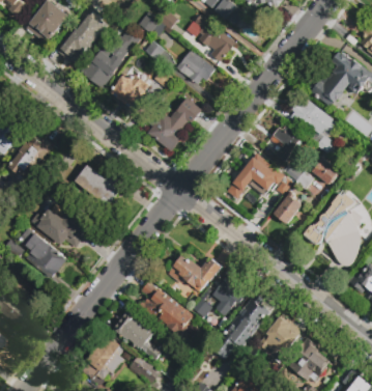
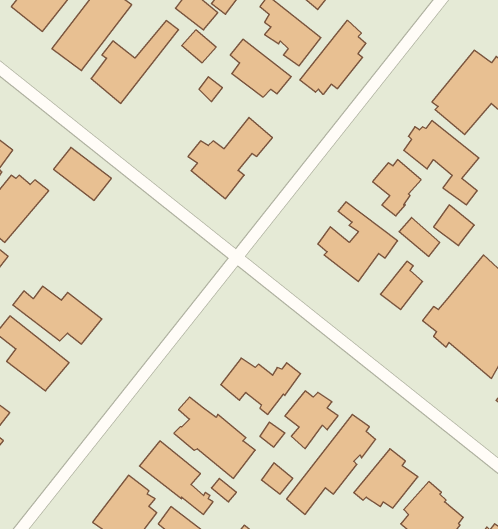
building: none -> [300,20,366,94]
building: [111,74,153,111] -> none
building: [77,165,115,200] -> [54,147,111,200]

